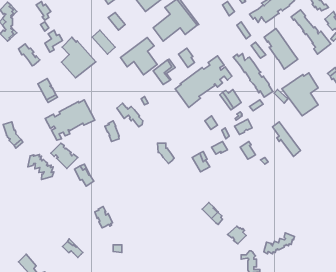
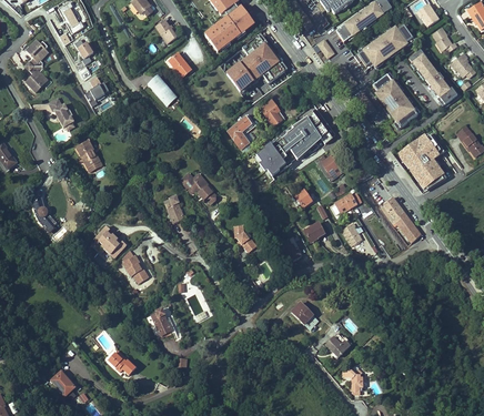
building: [61,37,96,78] -> none
building: [120,37,157,75] -> none
building: [233,53,273,97] -> none
building: [45,100,95,140] -> none
building: [28,154,54,179] -> none
building: [264,233,294,254] -> none

